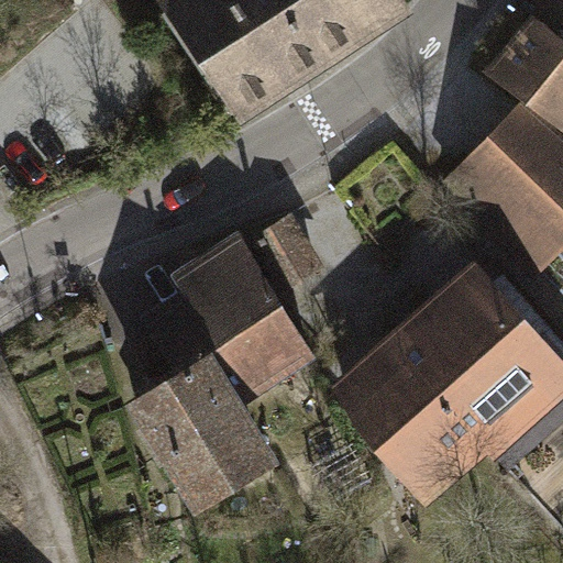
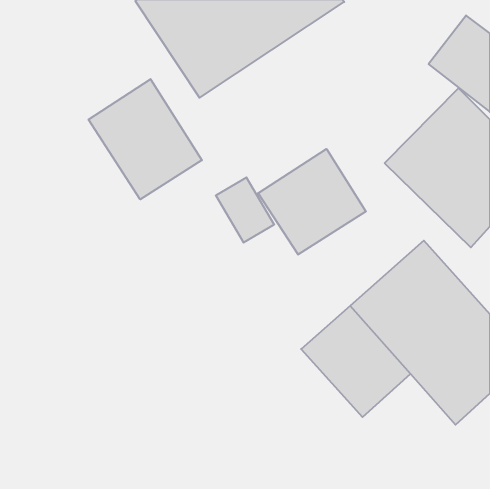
building: none -> [89,79,202,199]
building: none -> [258,149,366,255]
building: [132,236,308,501] -> none

